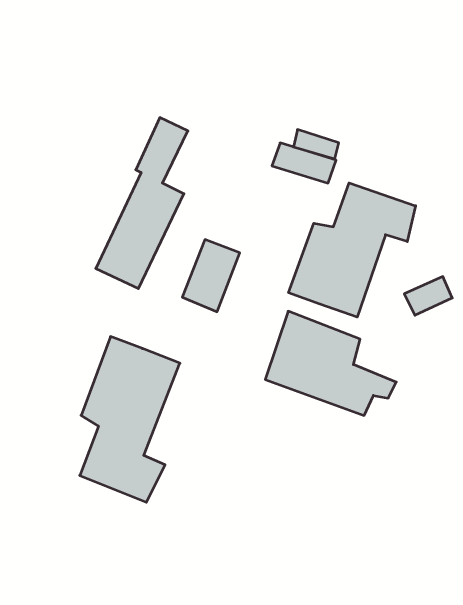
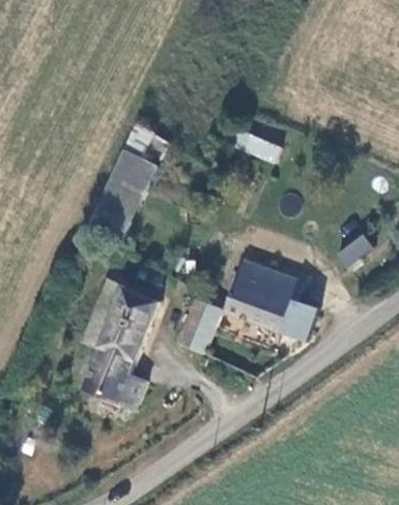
building: [289,183,416,317] -> none
building: [182,240,240,312] -> [177,299,222,355]

